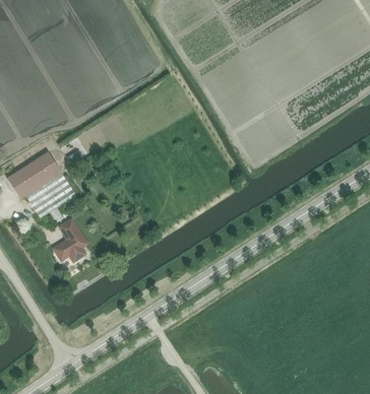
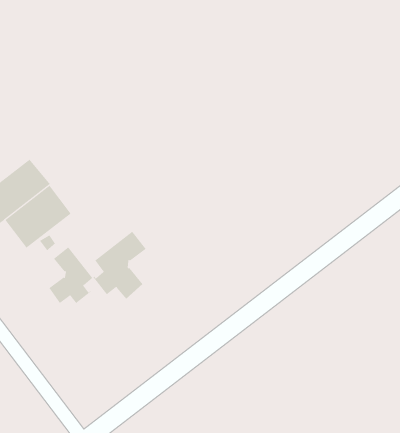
building: none -> [92,231,147,299]

